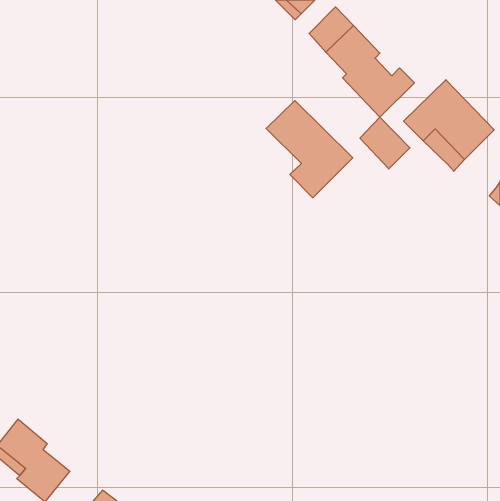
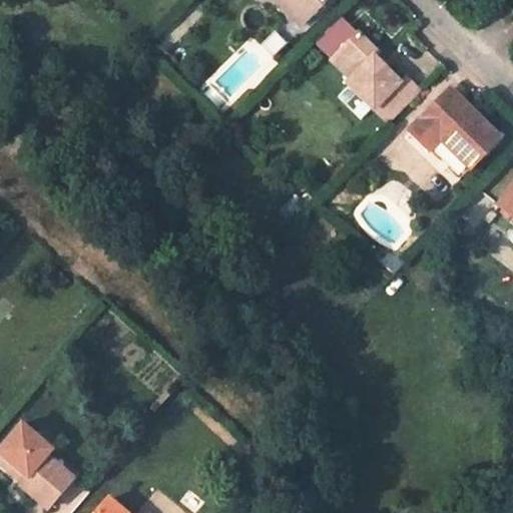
building: [266,101,353,198] -> none
building: [360,117,410,169] -> none

